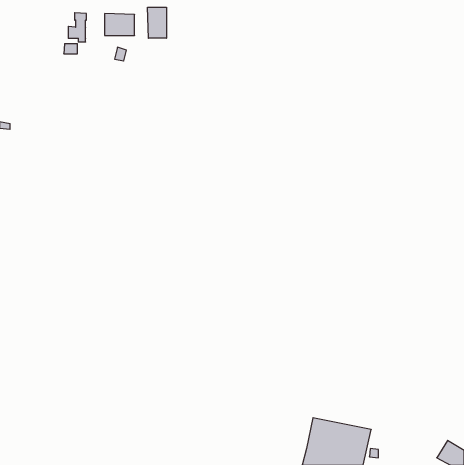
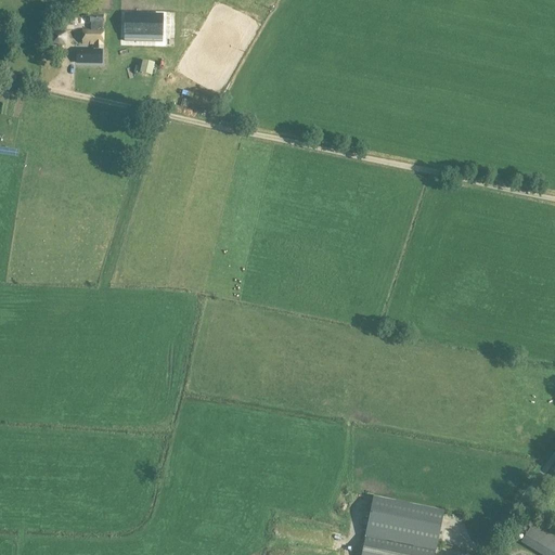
building: [148,7,166,38] -> none

